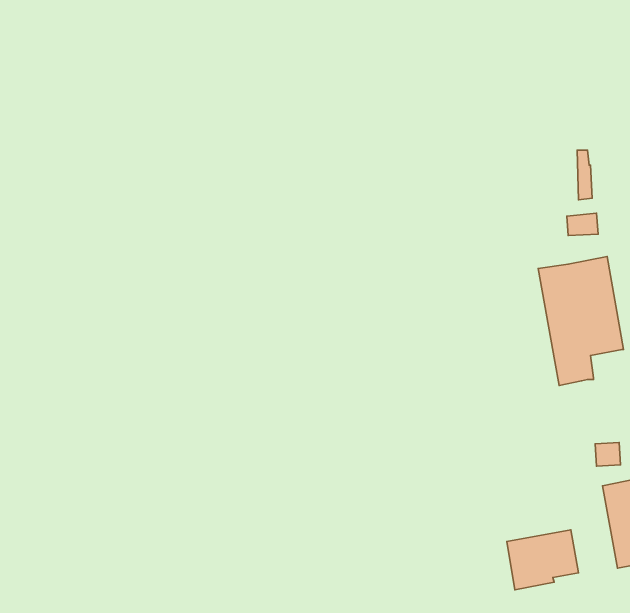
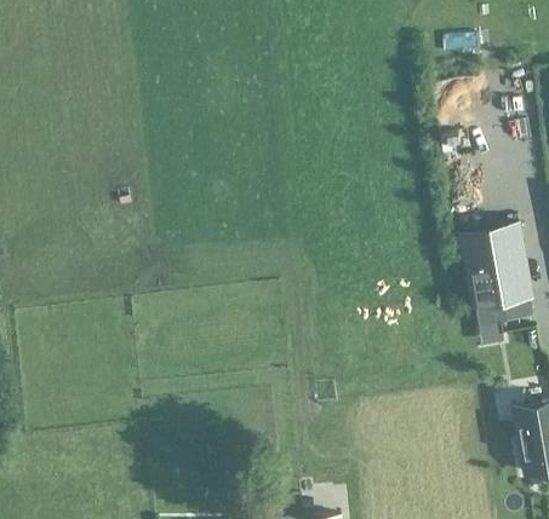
building: [507,530,578,590] -> none

